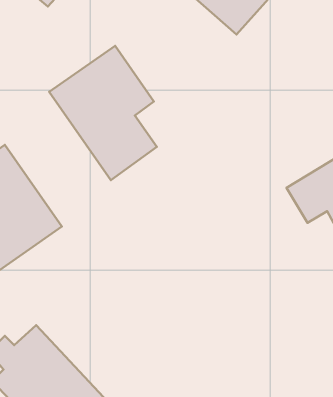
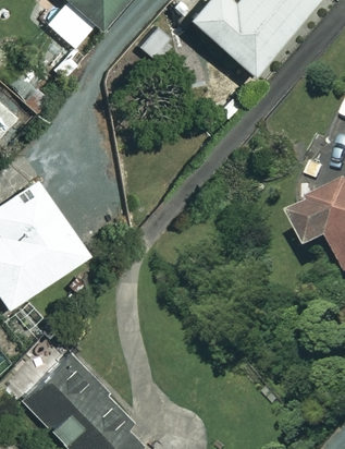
building: [49,46,157,180] -> none

